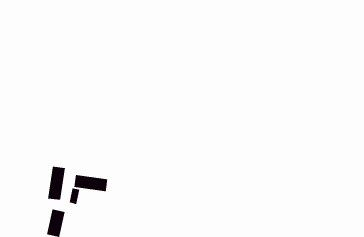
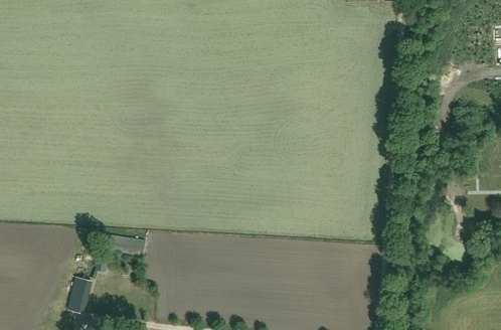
building: [48,166,65,201] -> none

